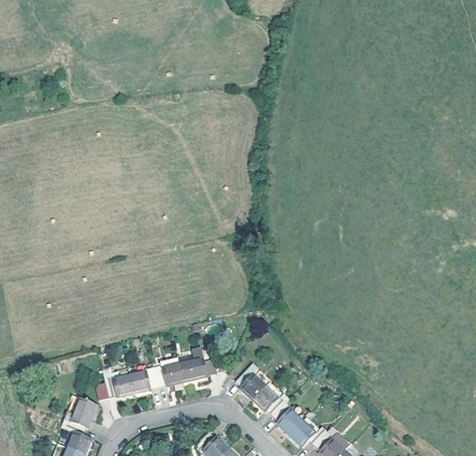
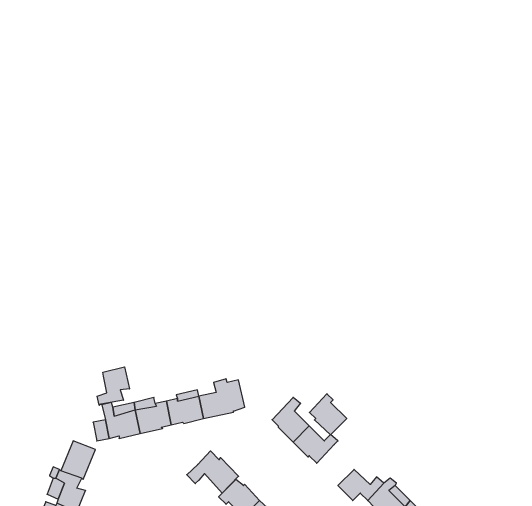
building: none -> [97,367,129,405]
building: [276,404,306,437] -> [309,394,347,435]
building: none -> [187,451,239,493]

